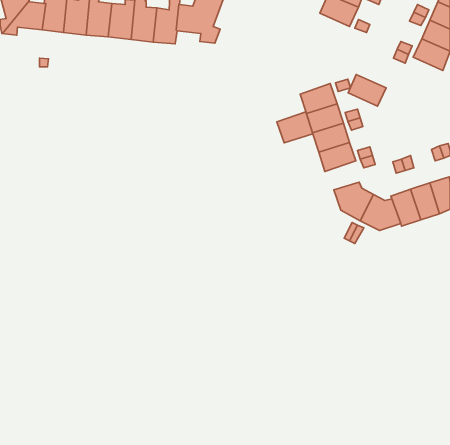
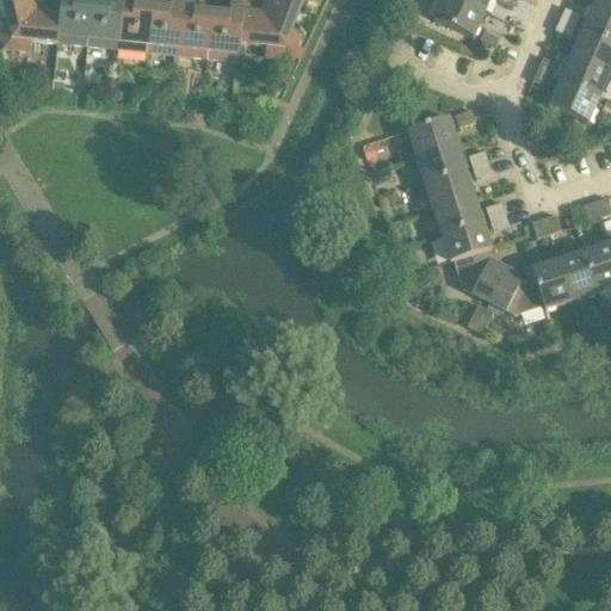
building: [348,75,386,106] -> [549,78,600,121]
building: [277,112,313,143] -> none
building: none -> [440,218,490,259]

